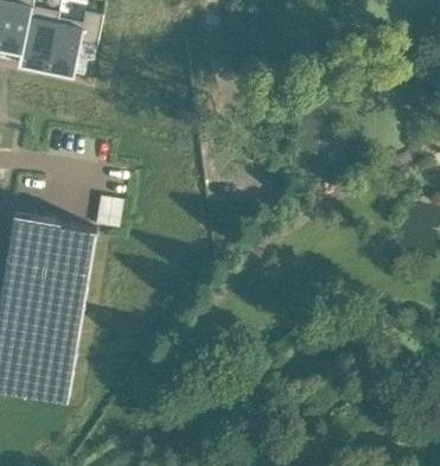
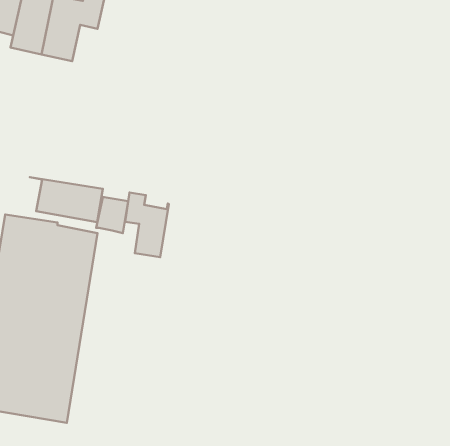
building: none -> [30,177,103,222]
building: none -> [125,192,169,257]

